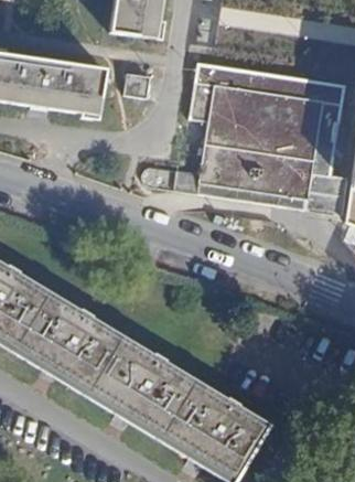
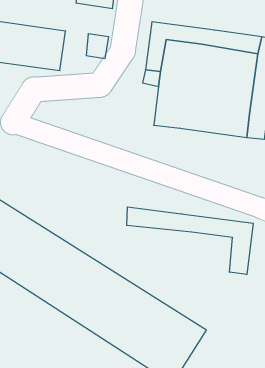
building: none -> [127,207,253,275]

